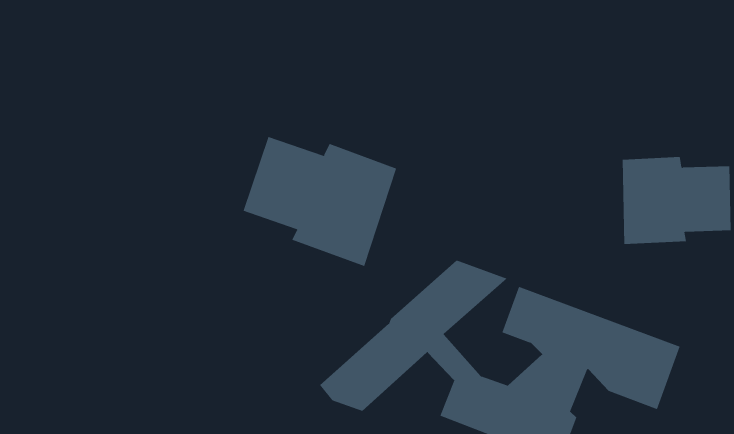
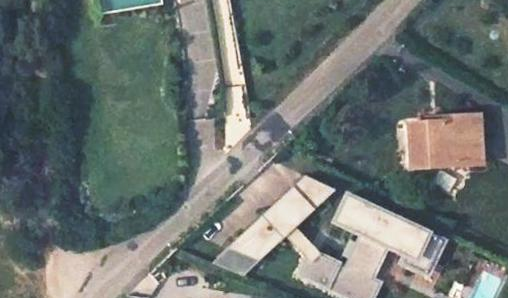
building: [243,136,397,267] -> none

